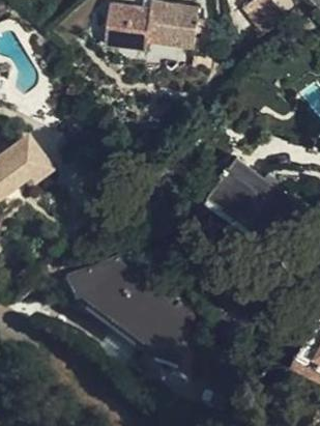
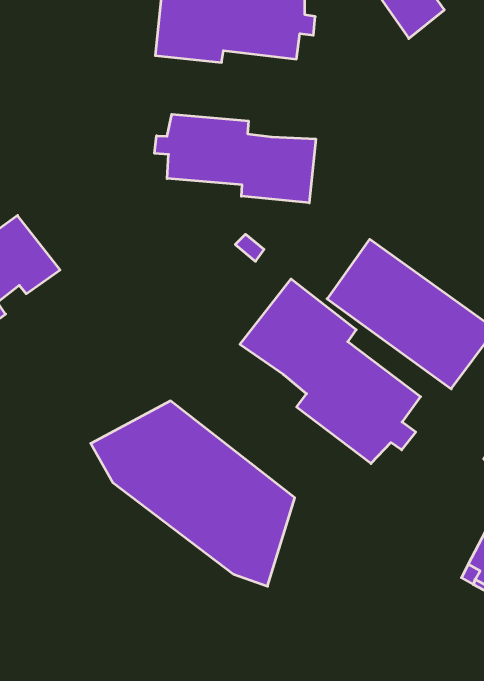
building: none -> [155,114,316,203]
building: none -> [240,279,421,464]

